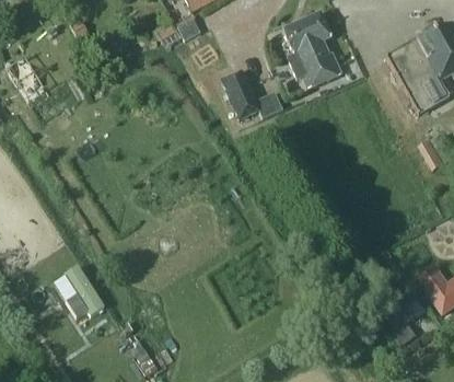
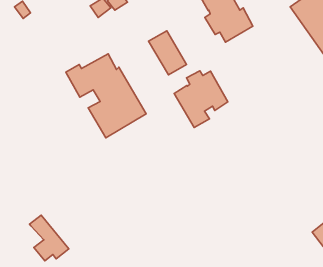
building: none -> [66,54,146,138]
building: none -> [174,71,228,128]

